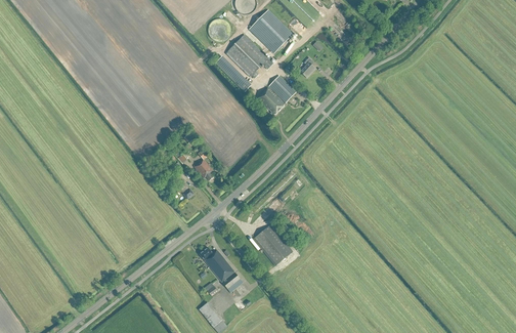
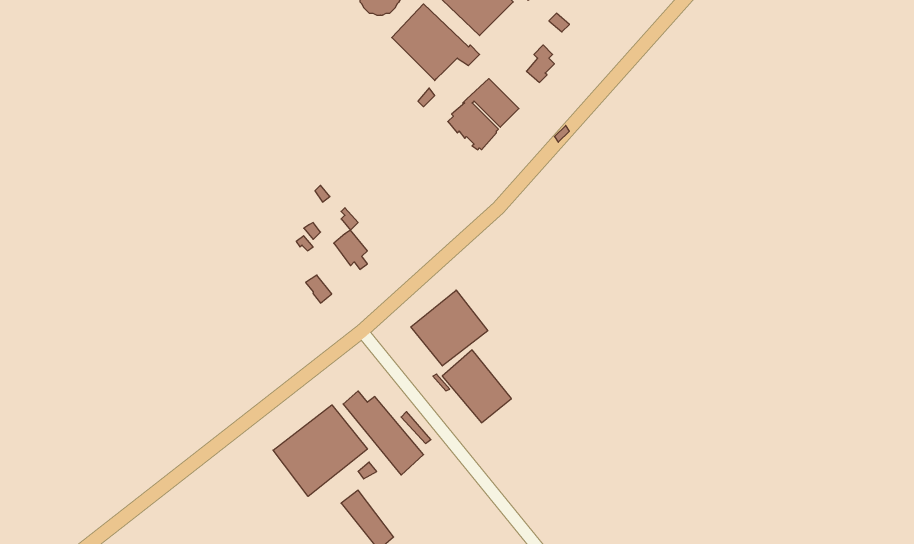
building: none -> [411,290,488,366]
building: none -> [273,405,367,496]

